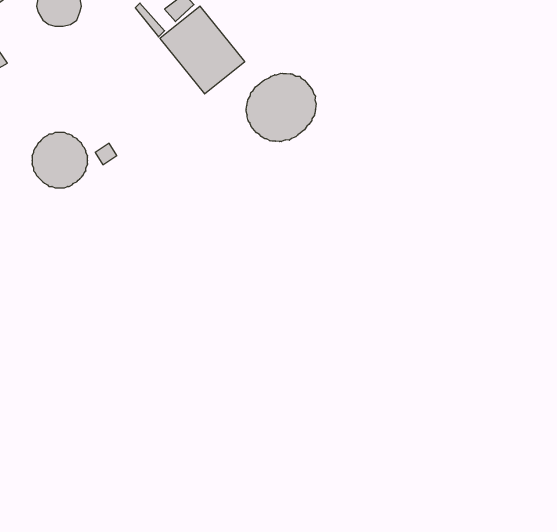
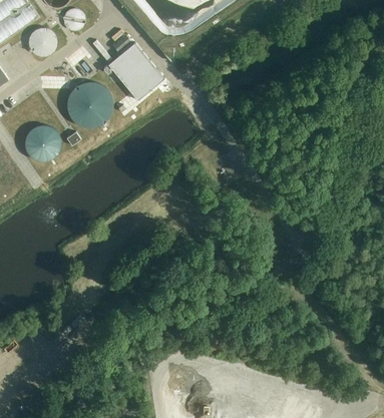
building: none -> [66,82,112,129]
building: [246,73,316,142] -> none

